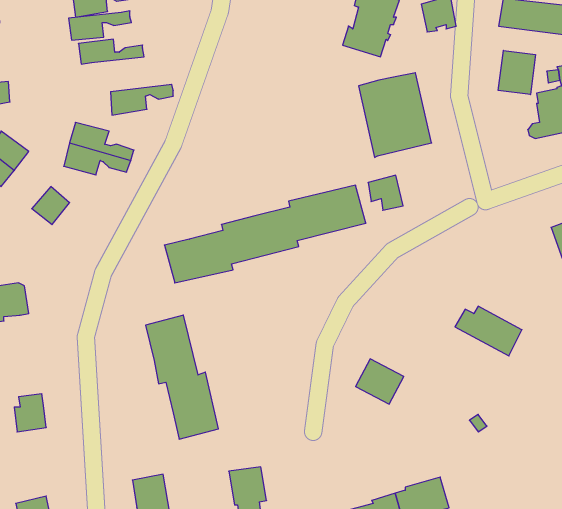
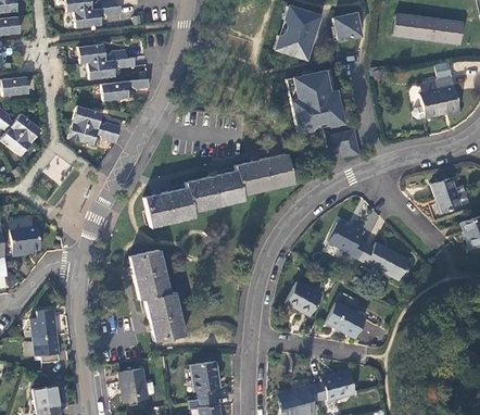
building: [69,11,131,40] -> [89,56,136,78]
building: [498,50,535,95] -> none
building: [368,175,403,210] -> [333,129,359,155]
building: none -> [329,223,367,259]
building: none -> [326,303,365,338]
building: none -> [34,334,59,362]

